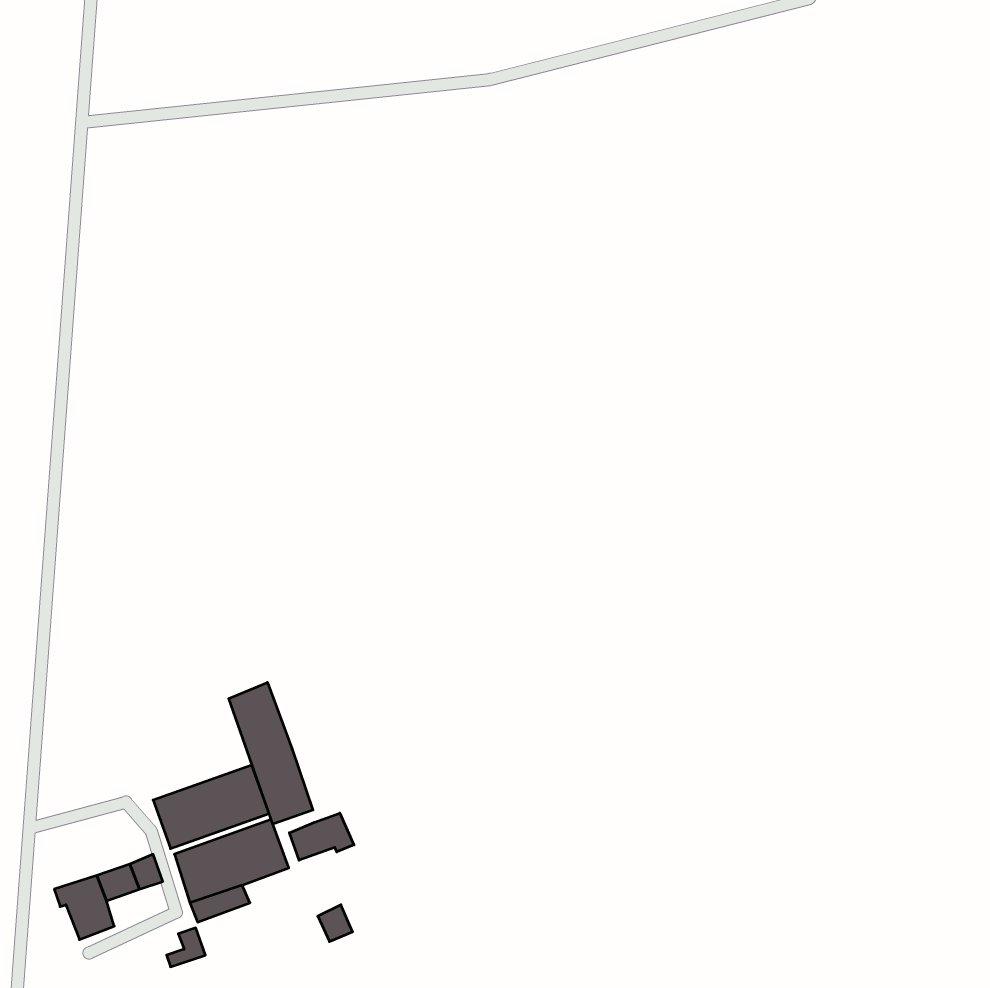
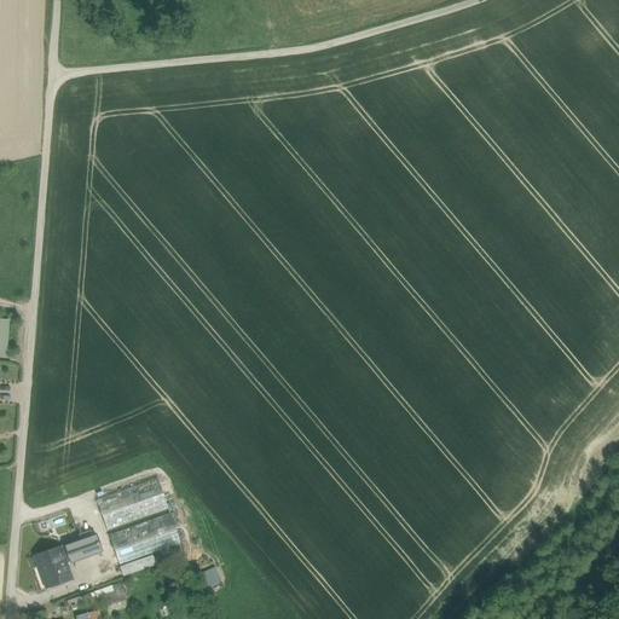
building: [229,682,313,824] -> none
building: [289,813,354,860] -> none

